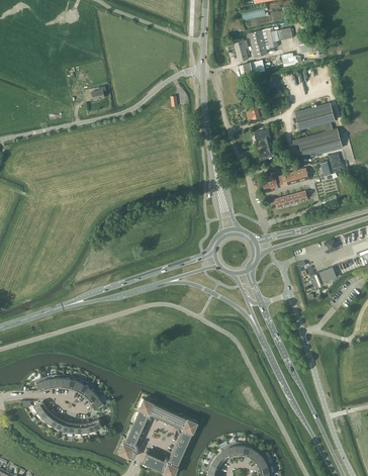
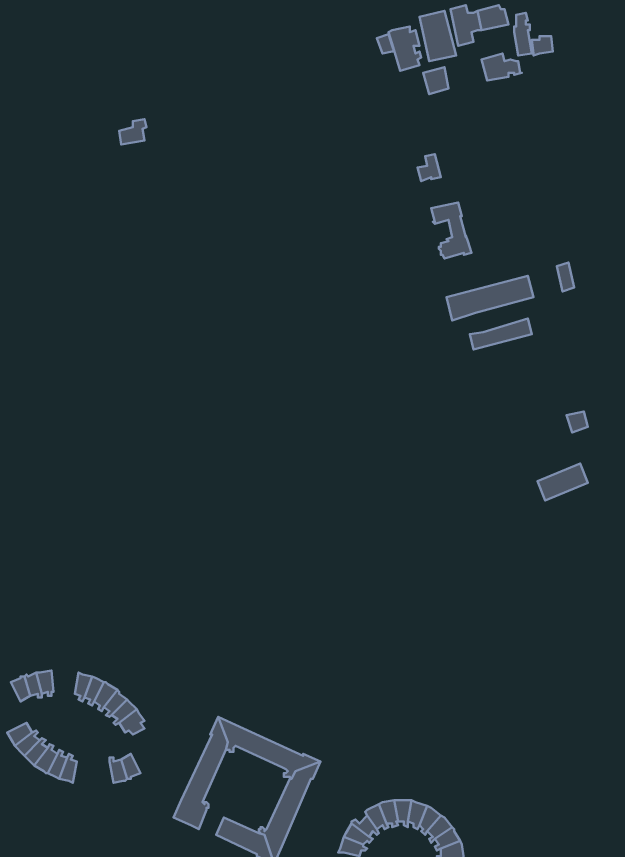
building: [293,102,342,159] -> none

